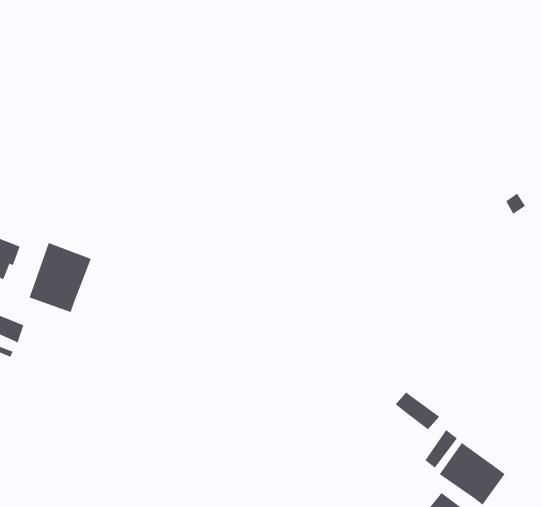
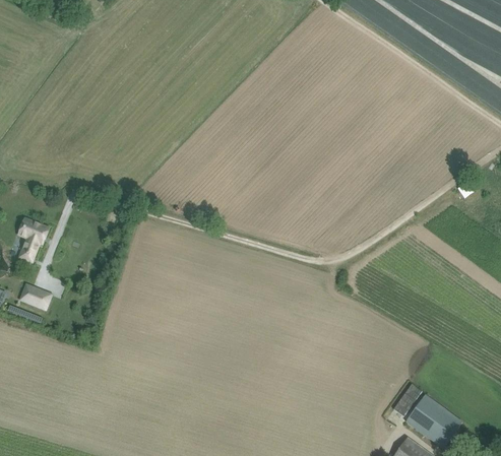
building: [29,242,91,313] -> none
building: [395,392,440,430] -> none

